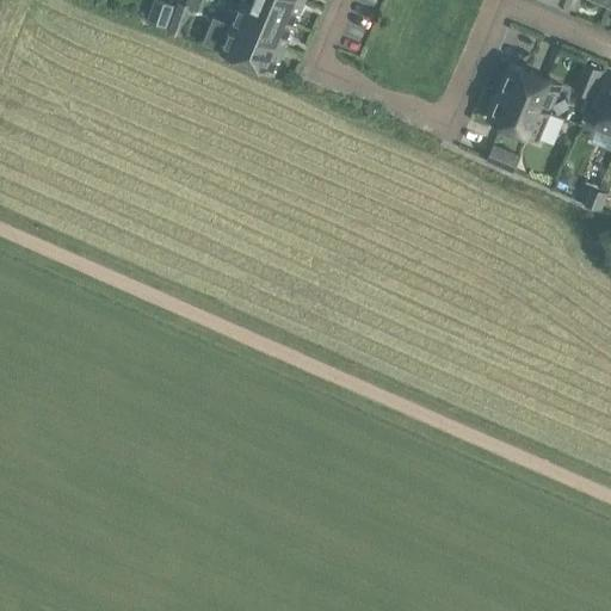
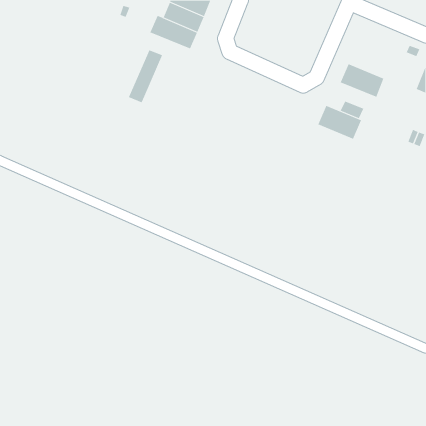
building: [498,63,561,112] -> [318,105,362,139]
building: none -> [128,49,163,103]

